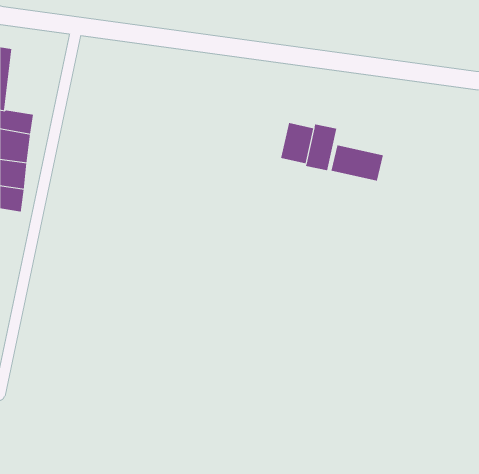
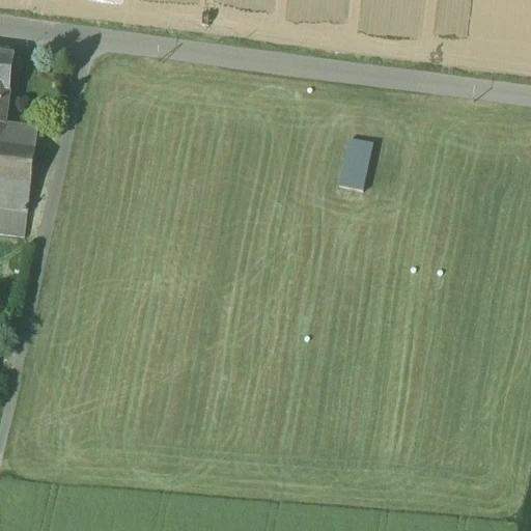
building: [281,122,314,164] -> none
building: [331,145,383,182] -> none

